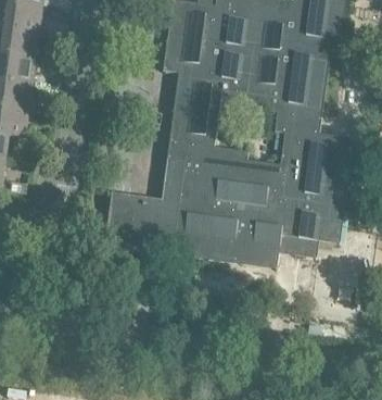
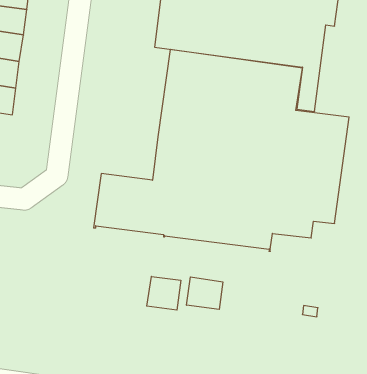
building: none -> [147,276,181,310]
building: none -> [187,277,223,309]

